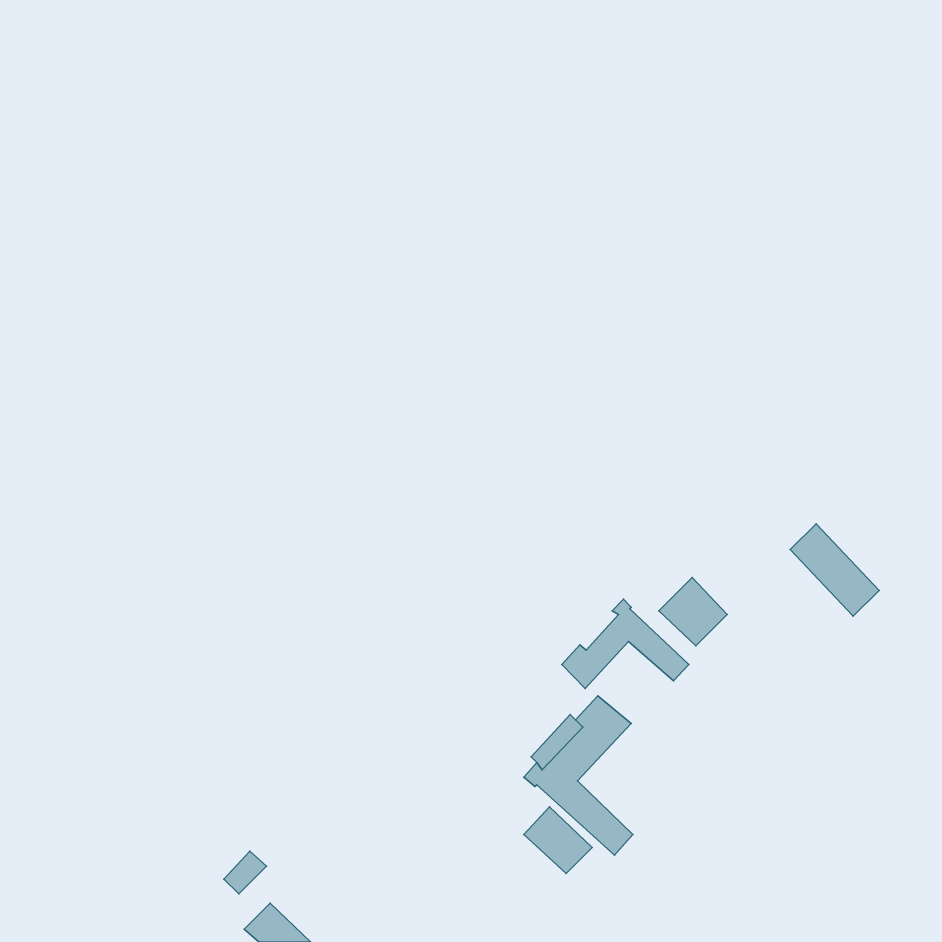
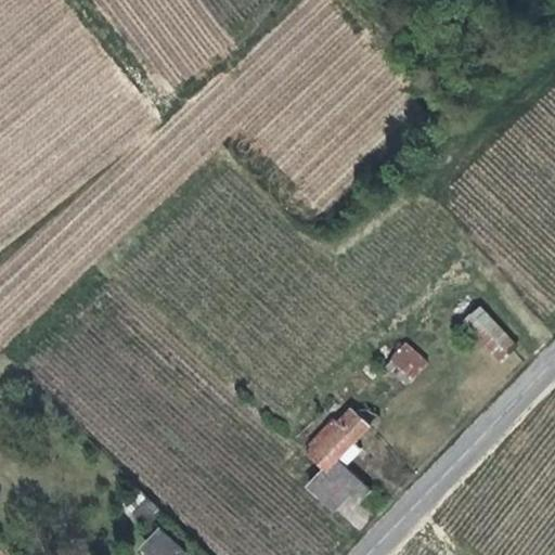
building: [562,599,689,689] -> none

